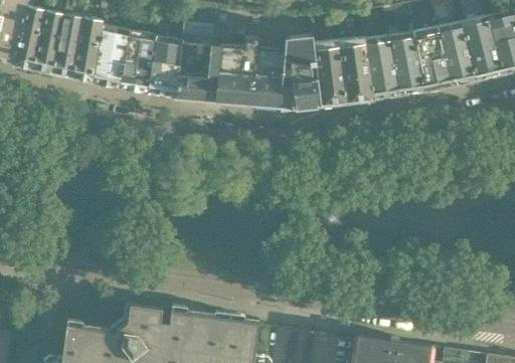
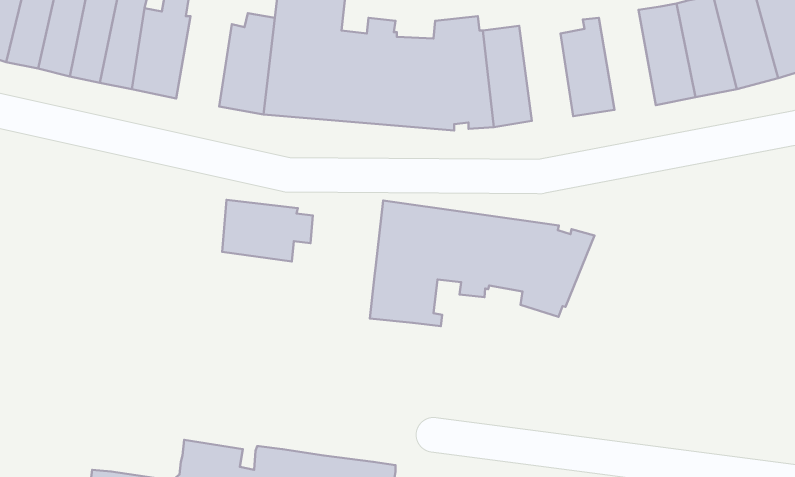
building: [385,30,421,94] -> none
building: [118,34,153,92] -> none
building: [335,37,369,101] -> none
building: none -> [222,200,313,261]
building: none -> [370,201,594,326]

